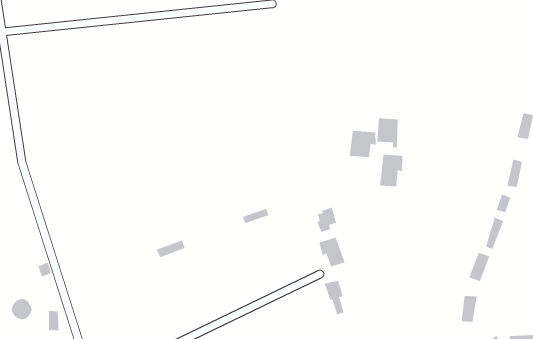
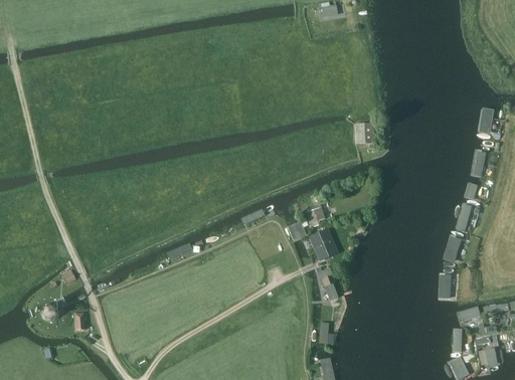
building: [349,130,376,158] -> none
building: [379,154,403,187] -> none

